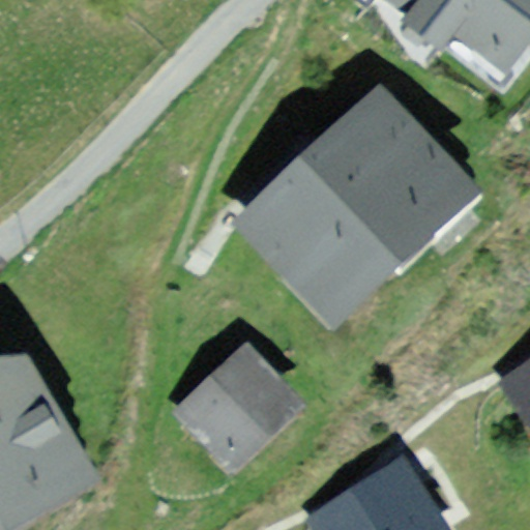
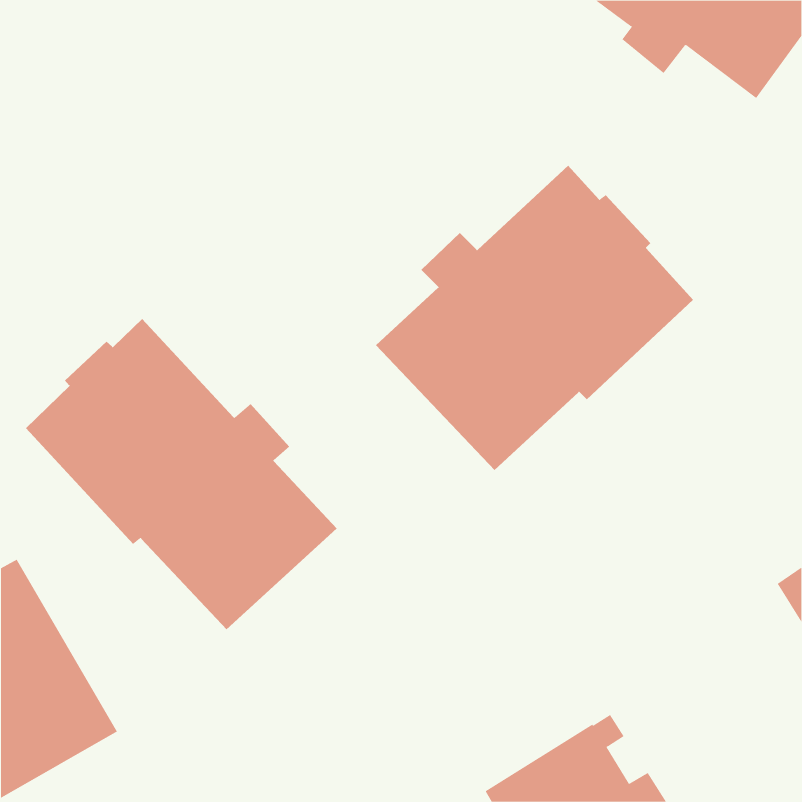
building: none -> [25,318,338,630]
building: [180,361,286,458] -> none

